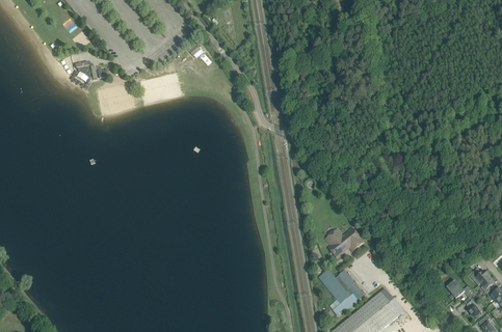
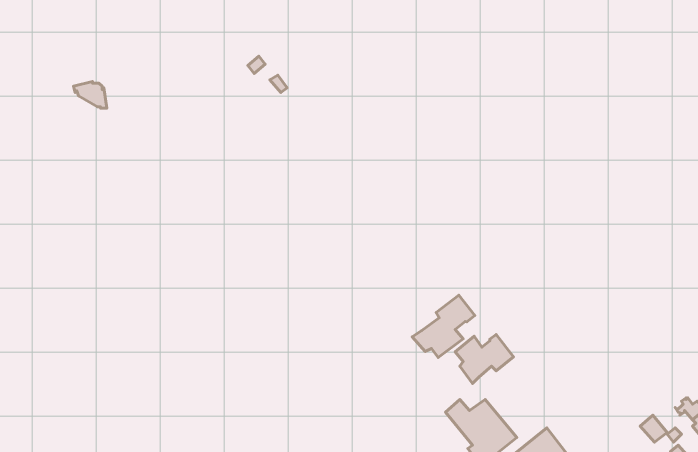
building: none -> [412,295,475,358]

